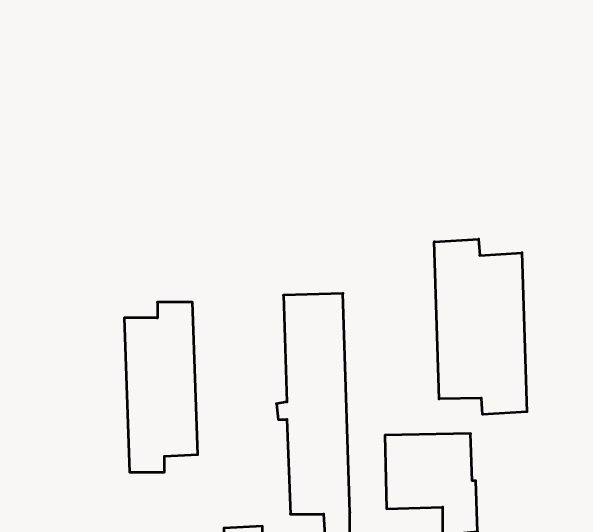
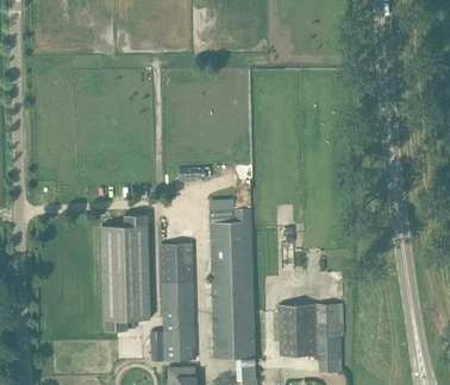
building: [434,239,527,414] -> none
building: none -> [151,244,195,361]

